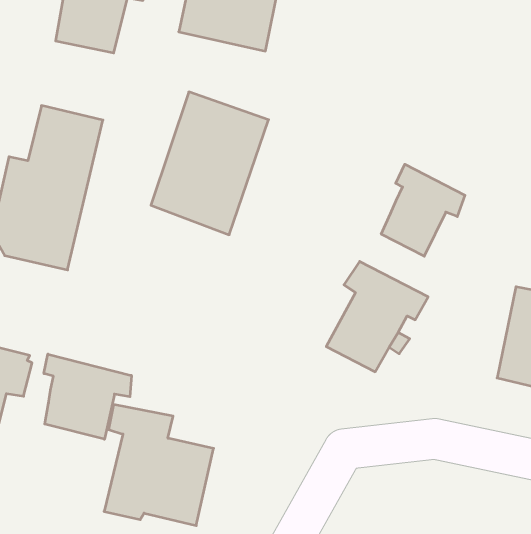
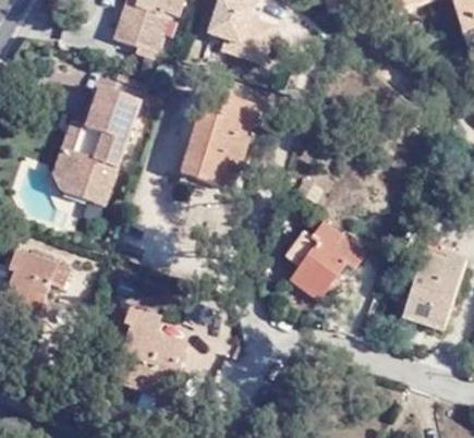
building: [381,164,465,256] -> none
building: [44,354,131,439] -> none

